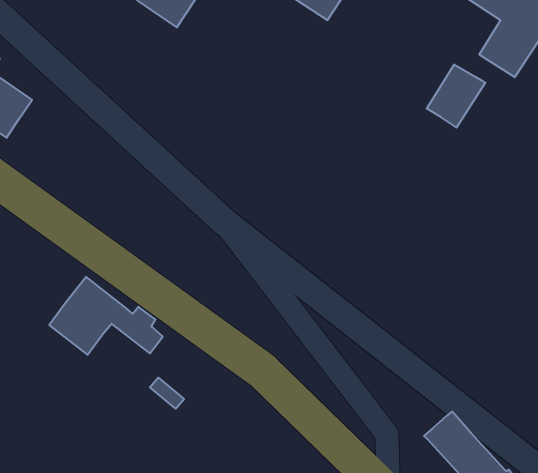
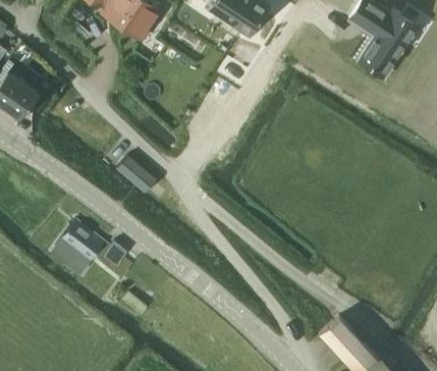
building: [427,64,485,128] -> none
building: none -> [116,155,157,193]

